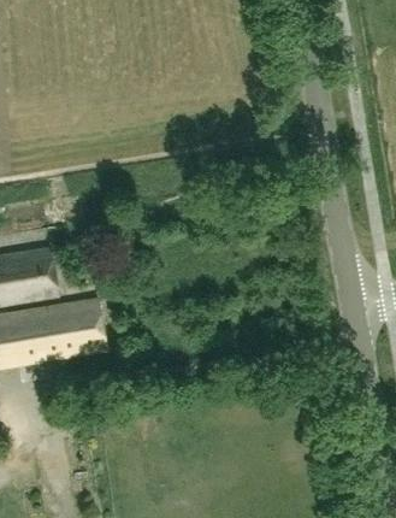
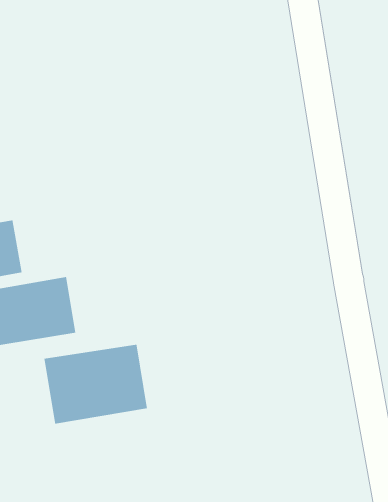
building: none -> [44,344,148,424]

